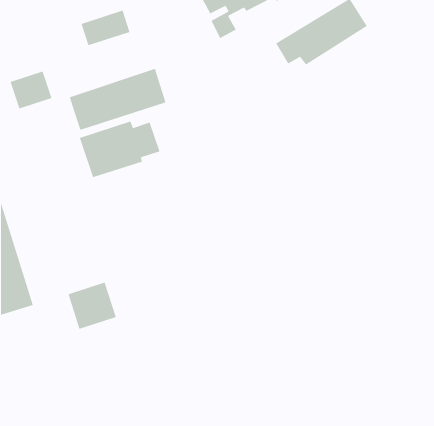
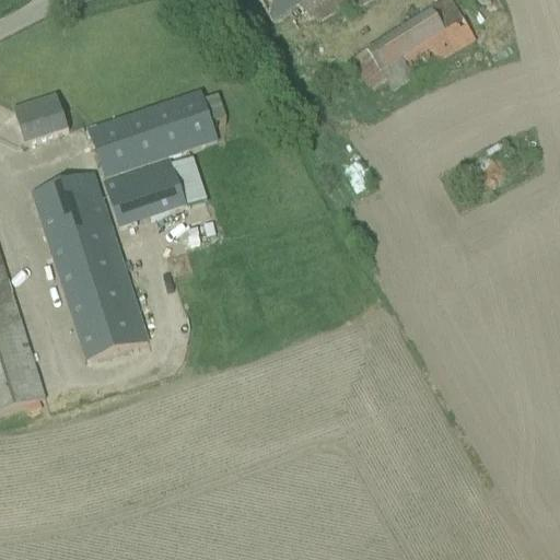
building: [81,10,130,46] -> none
building: none -> [31,168,148,357]
building: [67,282,117,330] -> none

